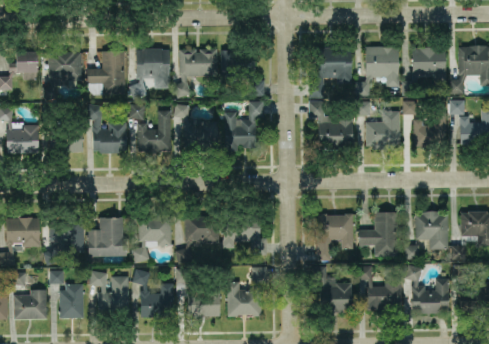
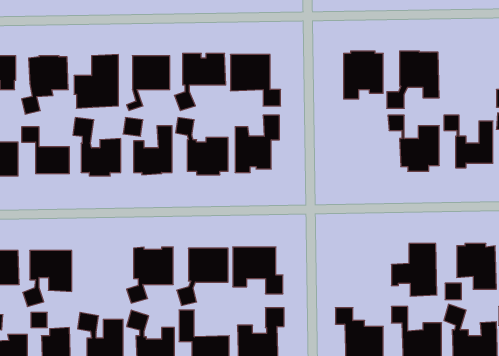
building: [401,46,445,94] -> none
building: [308,100,353,150] -> none
building: [318,212,353,259] -> none
building: [88,217,126,256] -> none

